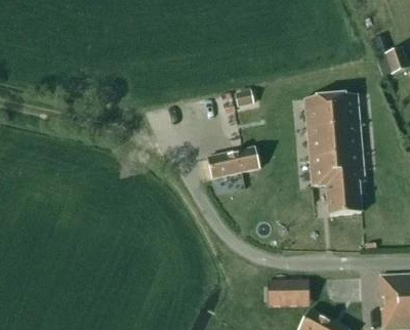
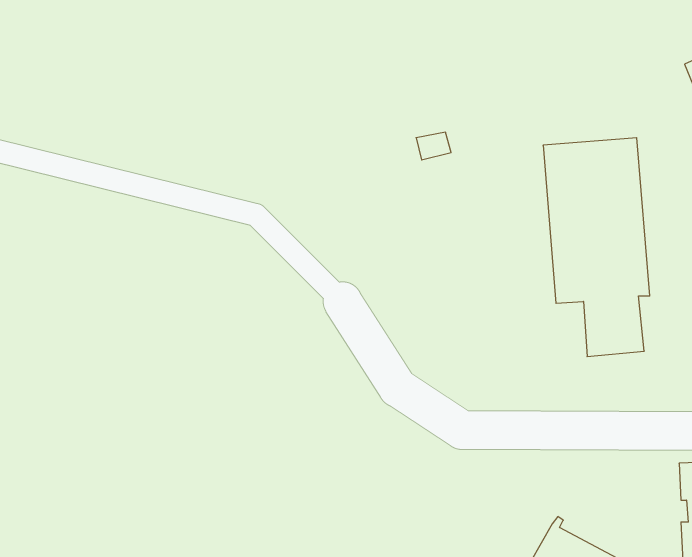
building: [207,147,260,178] -> none
building: [268,280,302,305] -> none

